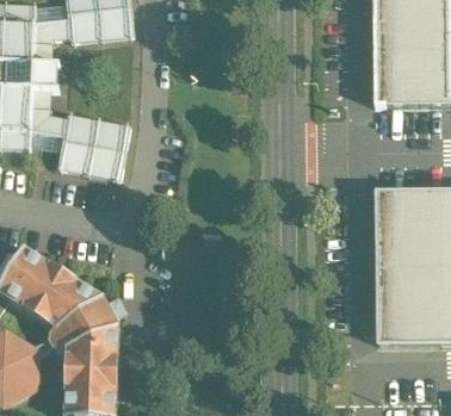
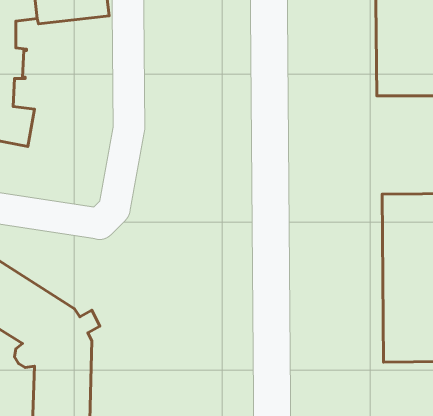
building: [57,114,130,179] -> none

